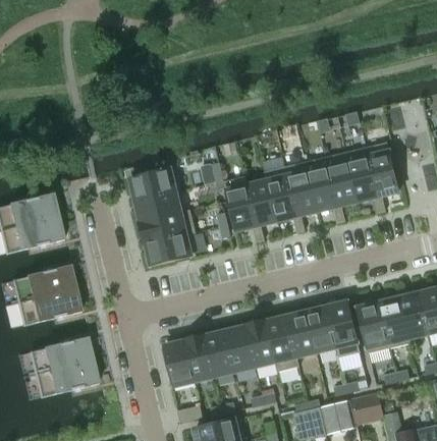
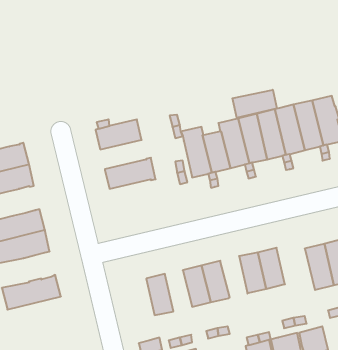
building: none -> [232,90,277,118]
building: [135,189,185,221] -> none
building: [146,232,196,265] -> none
building: [327,301,360,356] -> none
building: [266,316,299,371] -> none
building: [206,331,235,376] -> none
building: [164,340,195,386] -> none
building: [35,360,98,396] -> none

